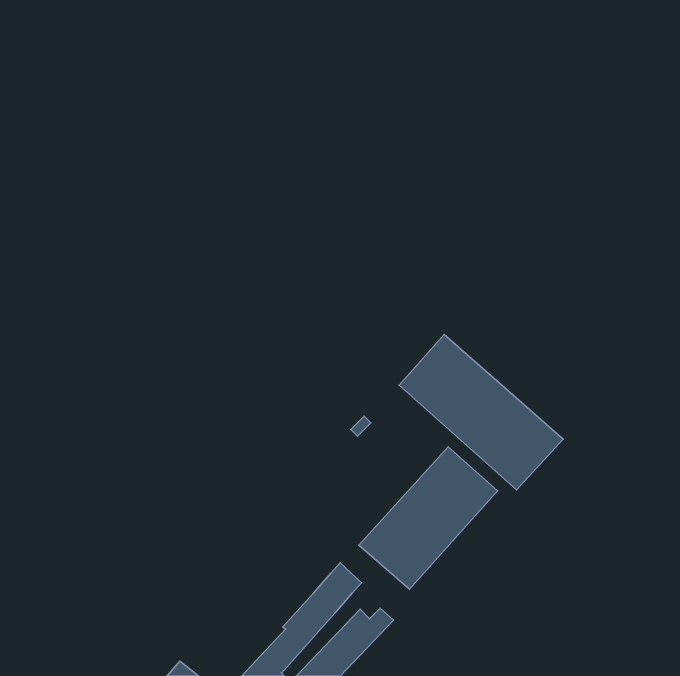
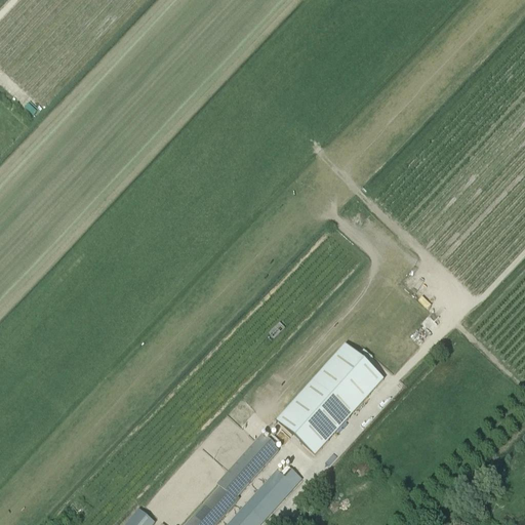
building: [399,335,563,490] -> none

